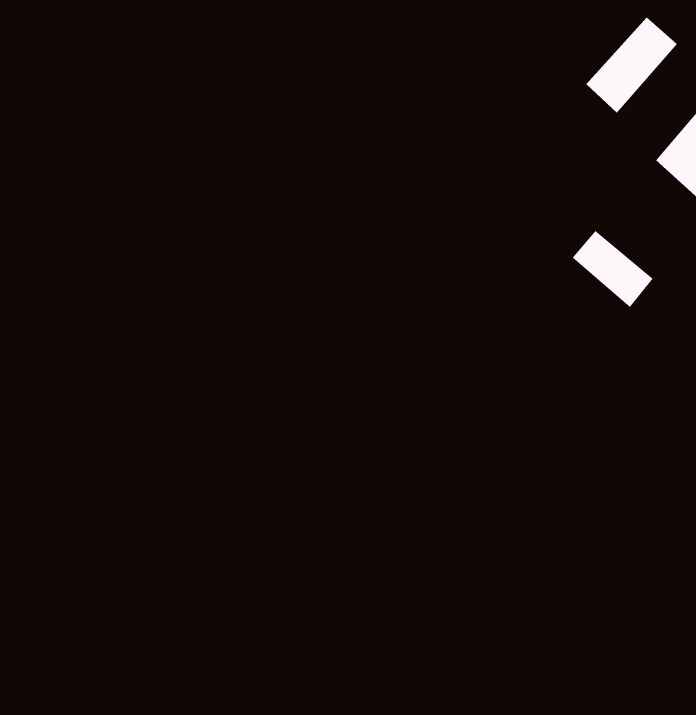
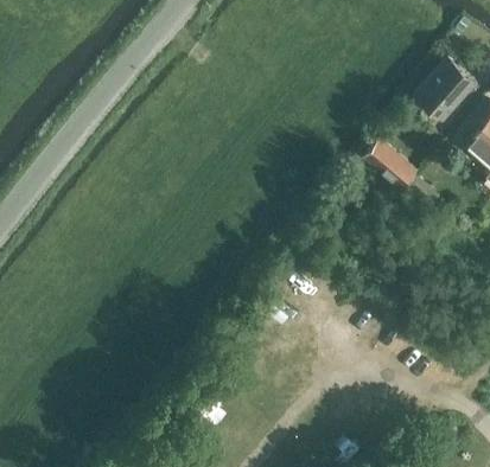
building: [586,17,678,114] -> none

